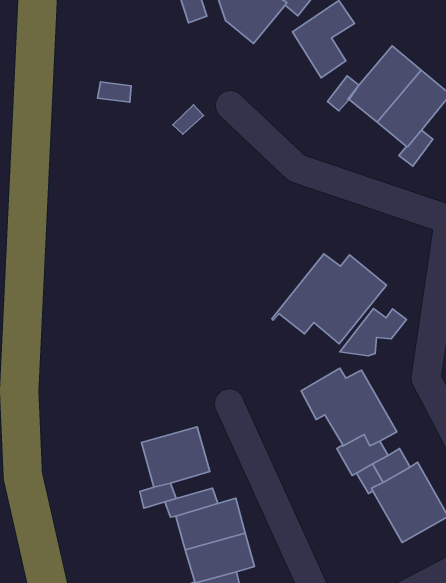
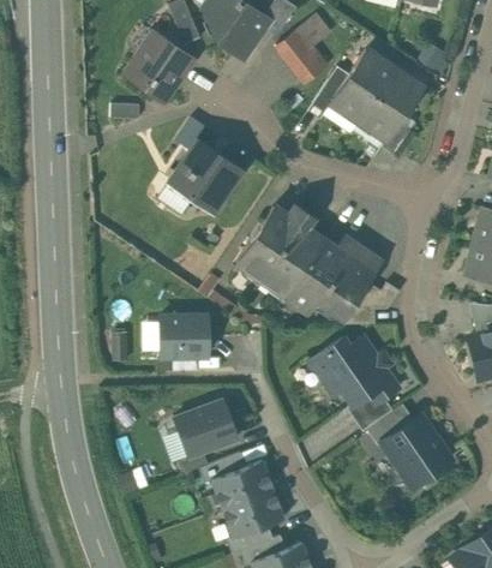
building: none -> [125,35,193,101]
building: none -> [168,138,241,210]
building: none -> [233,204,322,299]
building: none -> [161,316,209,357]

